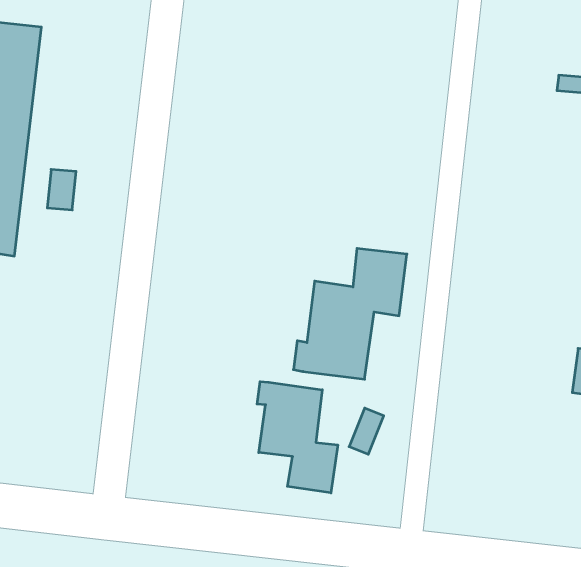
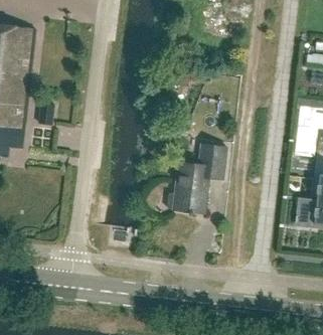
building: [257,382,338,493] -> none

